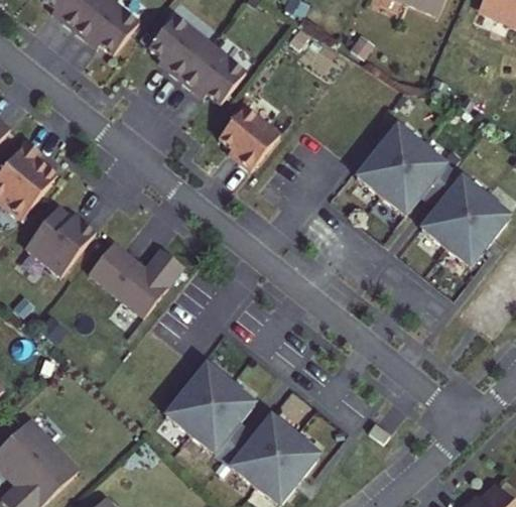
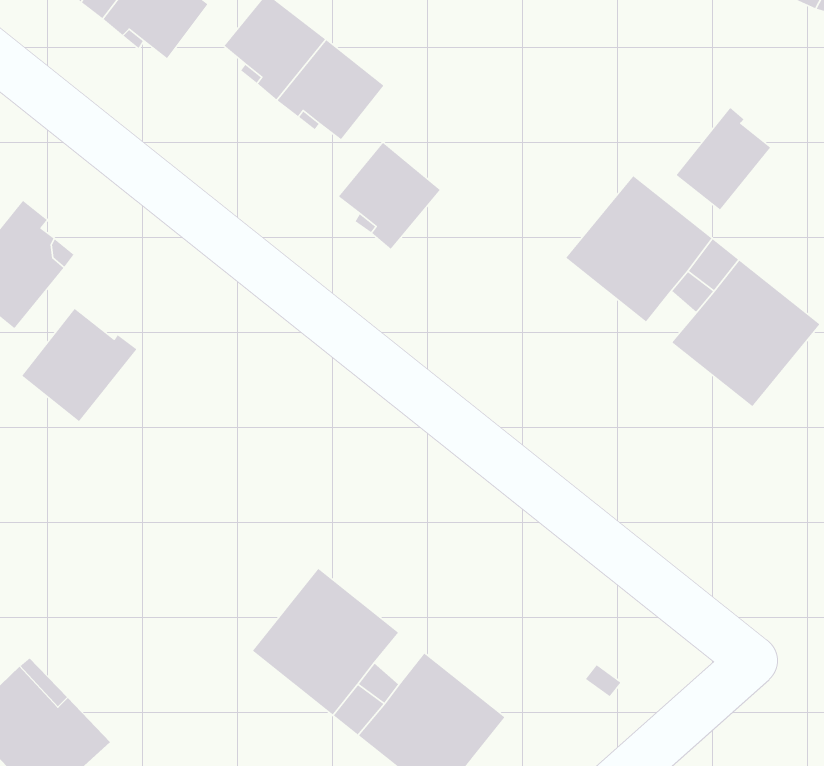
building: none -> [676,107,771,211]
building: [89,241,184,316] -> none

